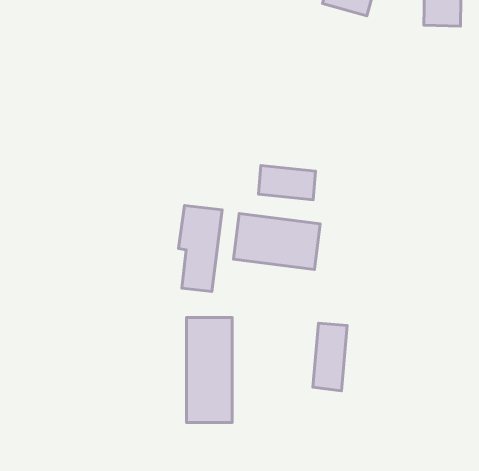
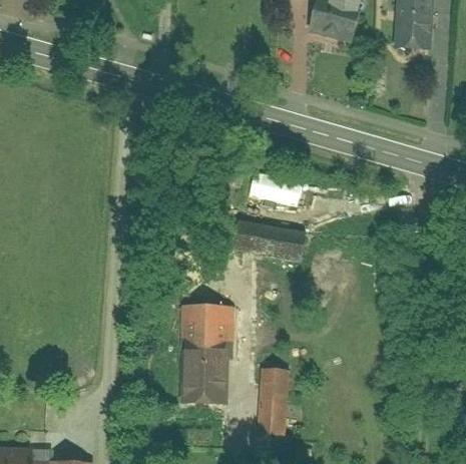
building: [179,206,222,291] -> none
building: [313,323,347,391] -> [254,364,284,423]

